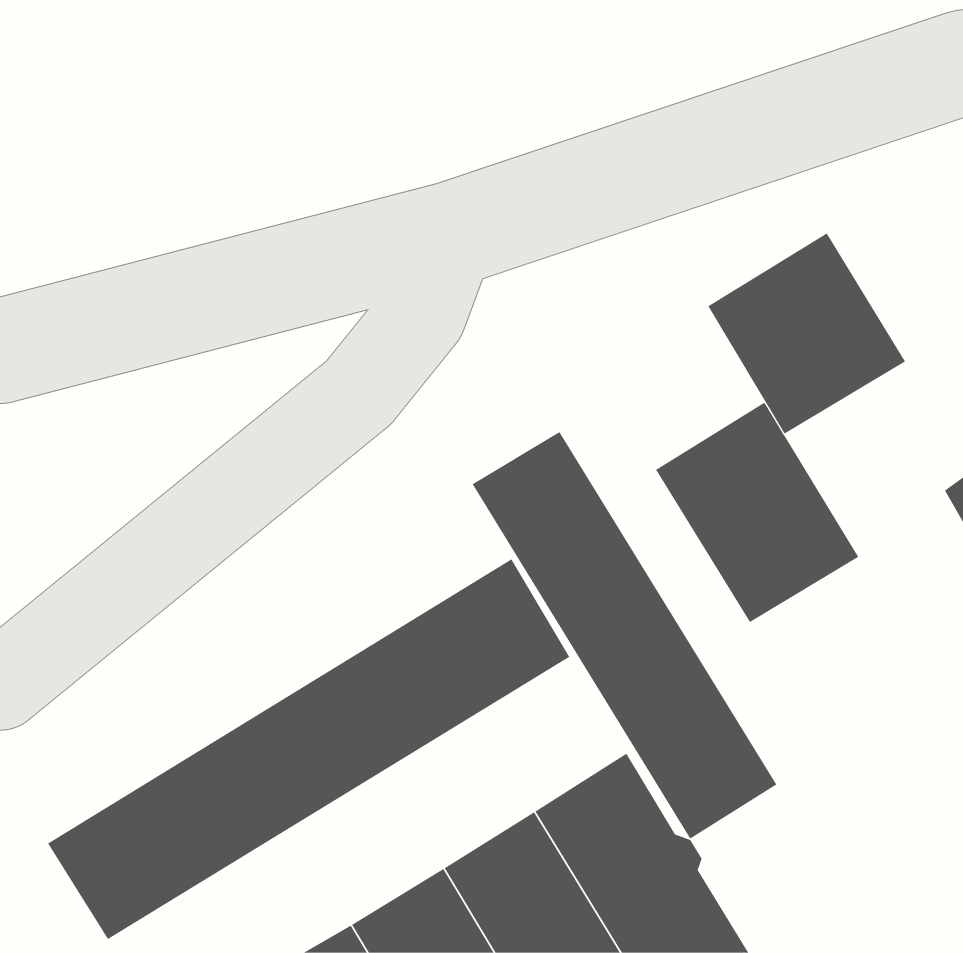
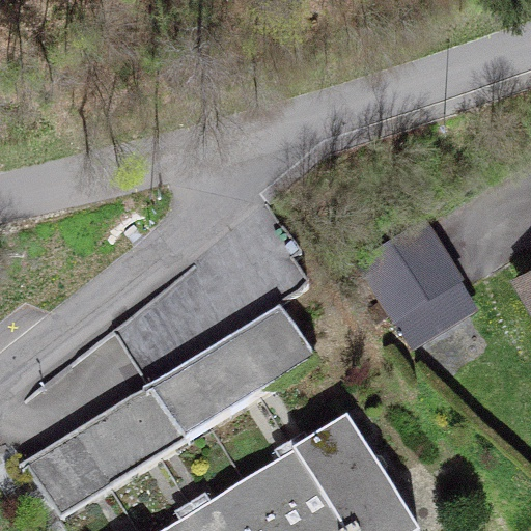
building: [707,232,906,434] -> none
building: [472,431,777,839] -> none

